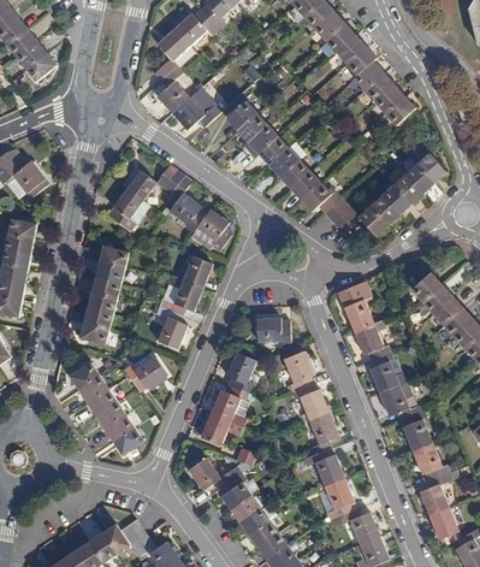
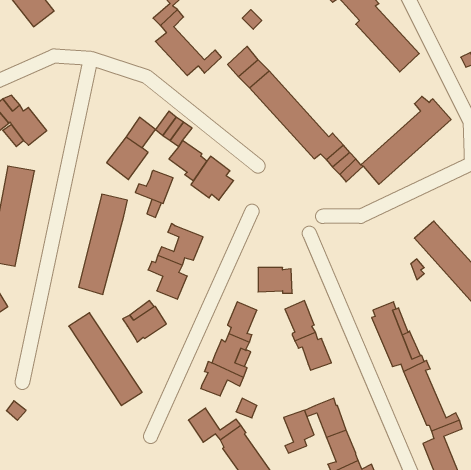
building: [174,255,212,288] -> [135,170,173,203]
building: [337,280,390,360] -> none
building: [308,412,338,454] -> [284,410,314,453]

